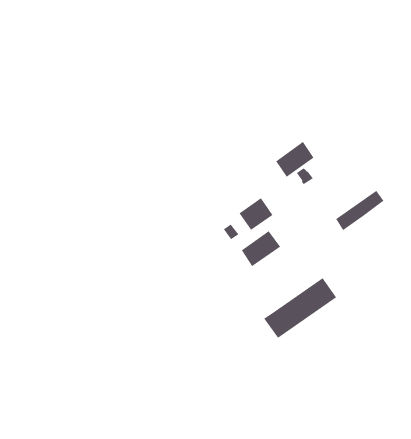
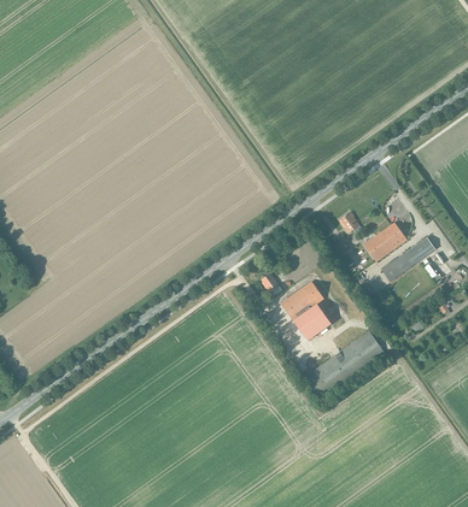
building: [275,141,315,178] -> [364,220,406,260]
building: [239,197,273,231] -> [293,302,330,338]

